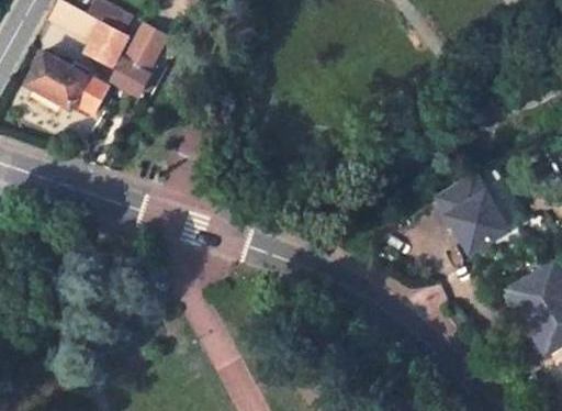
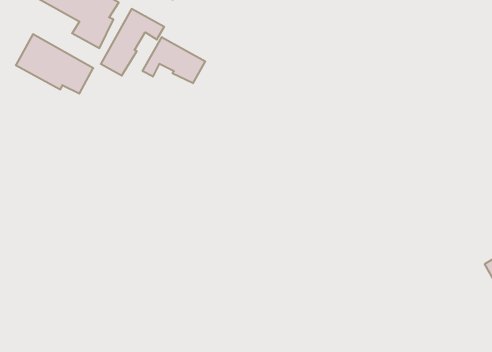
building: none -> [143,37,205,83]
building: [435,174,508,254] -> none

